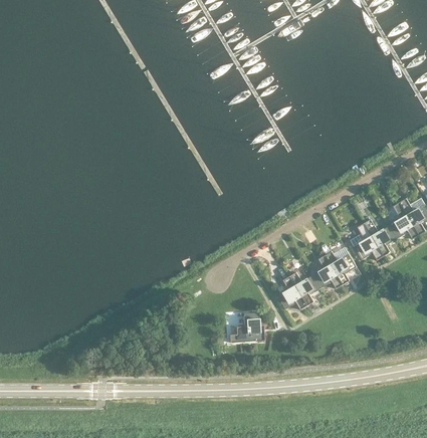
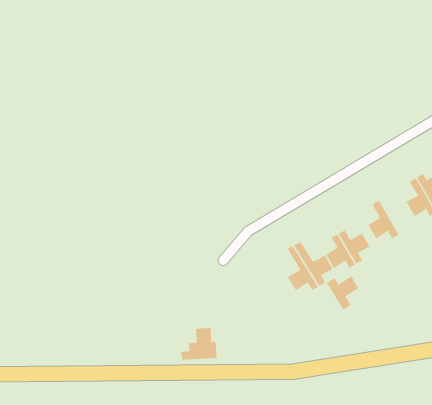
building: [364,218,397,255] -> none
building: none -> [326,276,359,310]
building: [228,310,263,342] -> [180,327,217,360]

